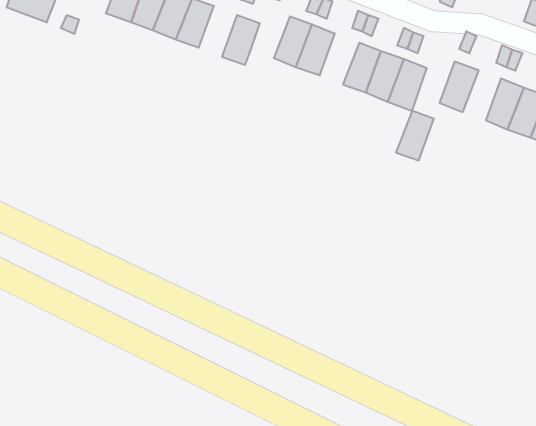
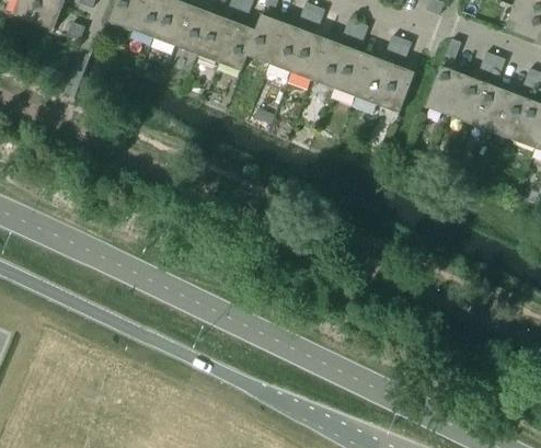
building: none -> [197,13,233,61]
building: none -> [246,14,284,62]
building: none -> [312,39,349,88]
building: [396,111,434,160] -> [448,74,484,122]

